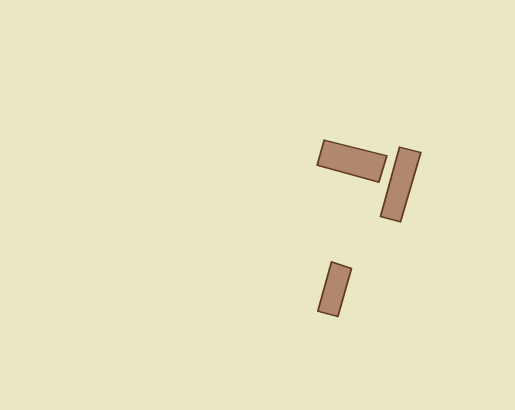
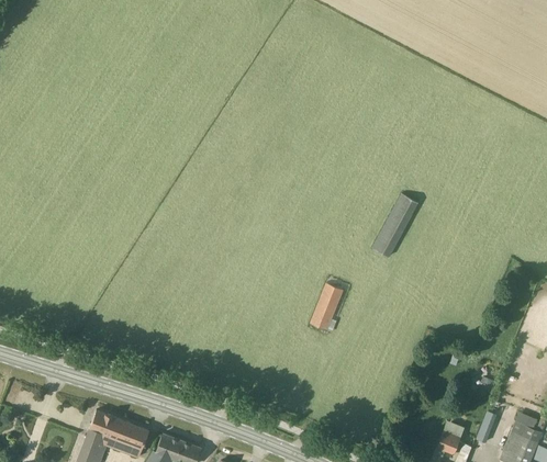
building: [317,140,387,182] -> none

